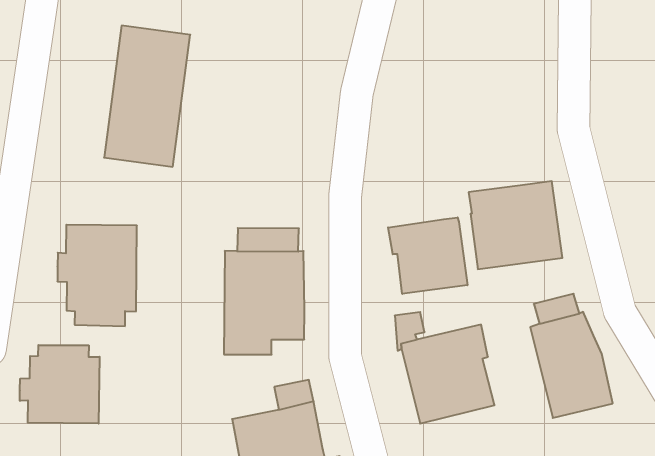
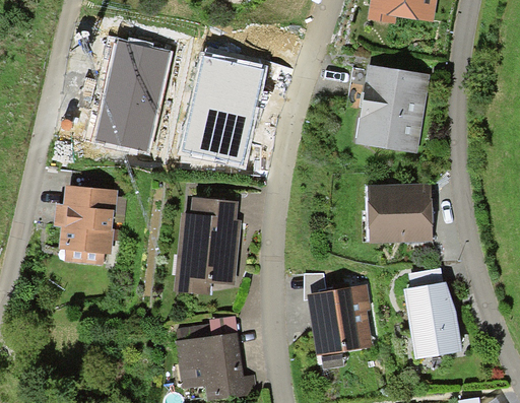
building: none -> [354,64,430,153]
building: none -> [184,56,261,159]
building: [388,217,467,294] -> none
building: [20,345,100,424] -> none

